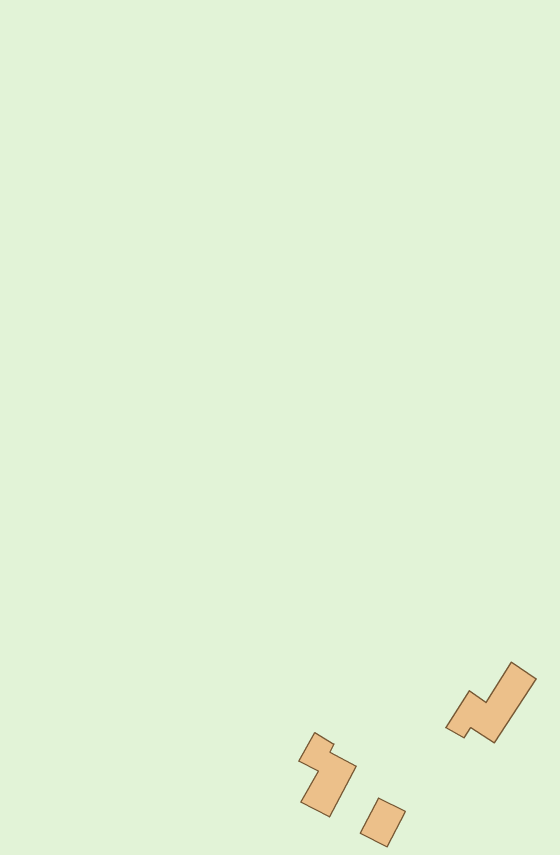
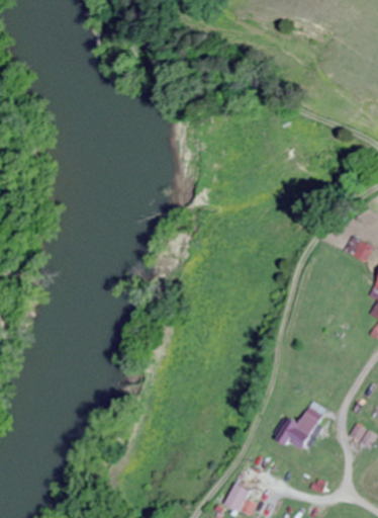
building: [299,733,356,817] -> none

